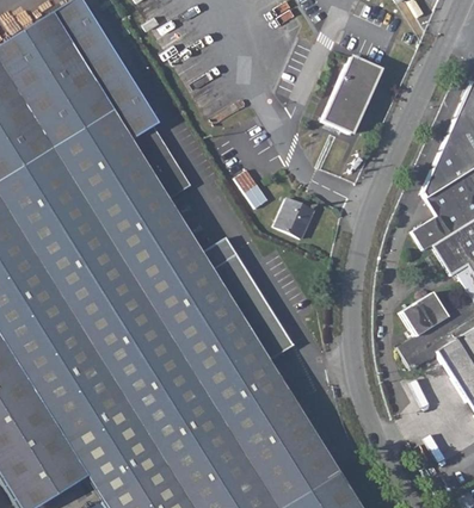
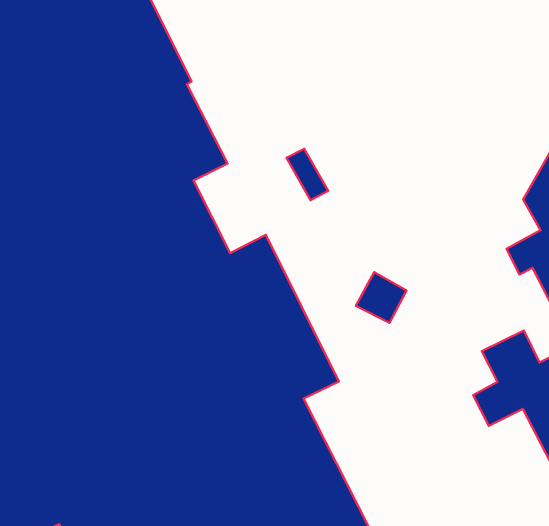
building: [324,58,380,134] -> none
building: [276,199,314,237] -> [356,272,406,323]

